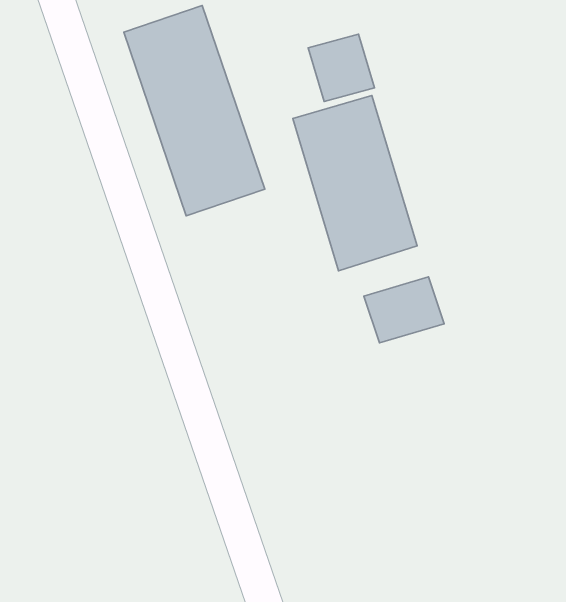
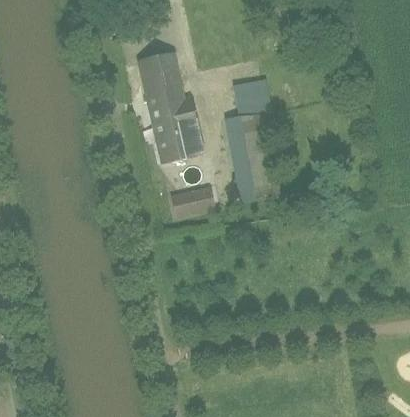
building: none -> [171,186,213,214]
building: [364,277,444,343] -> none

